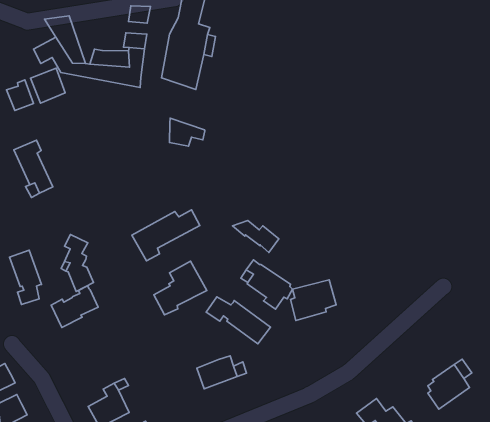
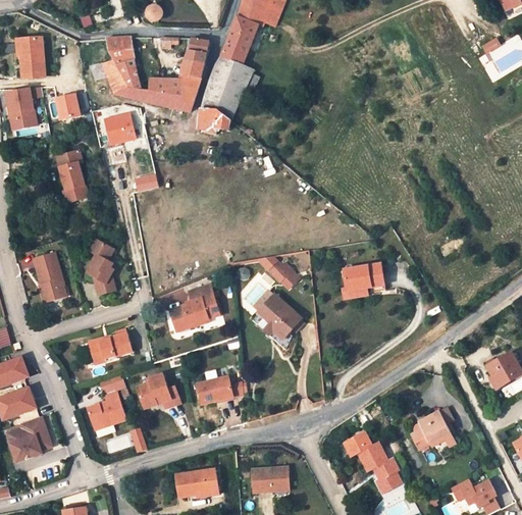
building: [30,68,65,103] -> [103,111,134,142]
building: [169,118,205,146] -> [199,107,233,136]
building: [132,210,200,261] -> none
building: [291,280,336,320] -> [337,262,379,296]
building: [51,286,98,328] -> [86,328,129,364]
building: [206,297,271,344] -> none
building: none -> [142,372,182,406]

